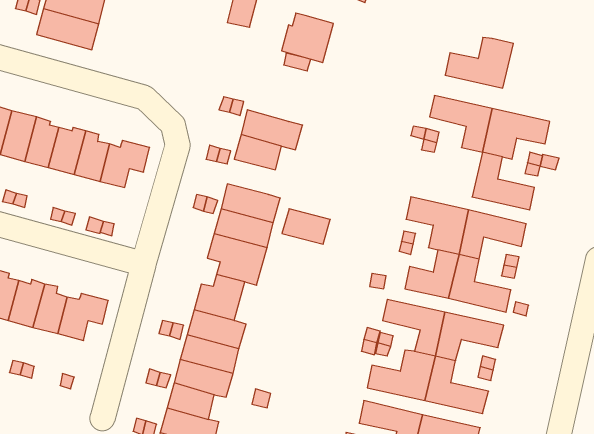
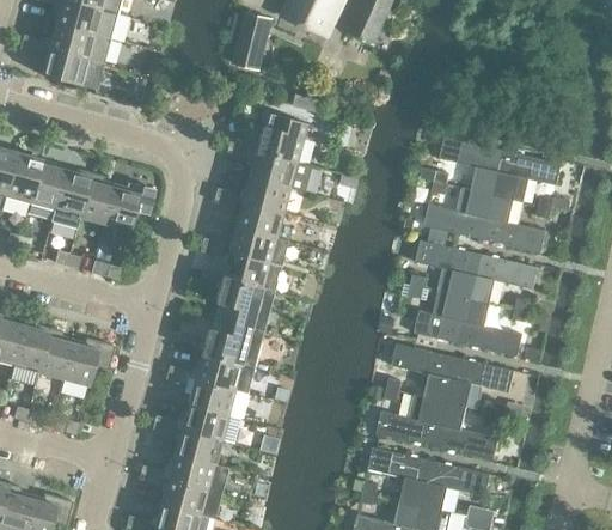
building: [282,13,333,63] -> [255,114,307,164]
building: [445,37,513,88] -> [424,189,494,240]
building: [282,209,330,244] -> [234,202,283,238]

